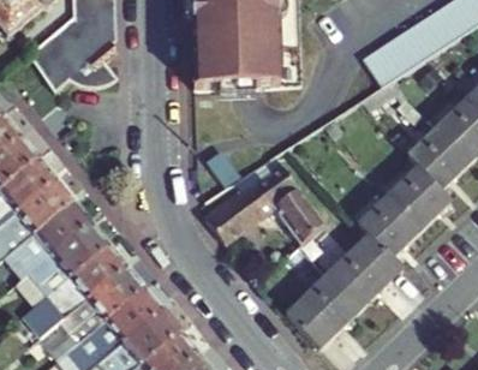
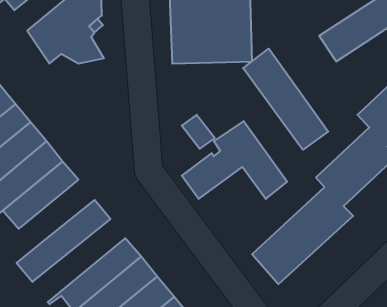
building: none -> [243,49,328,150]
building: [31,223,110,296] -> none
building: [49,268,145,362] -> none

